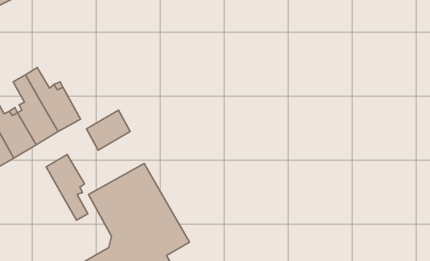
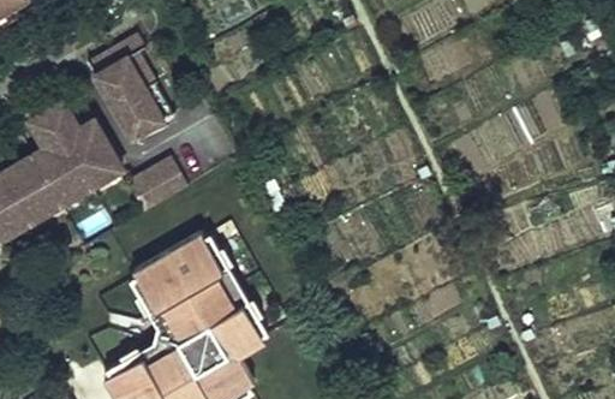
building: none -> [94,53,171,141]
building: [46,155,88,220] -> none

